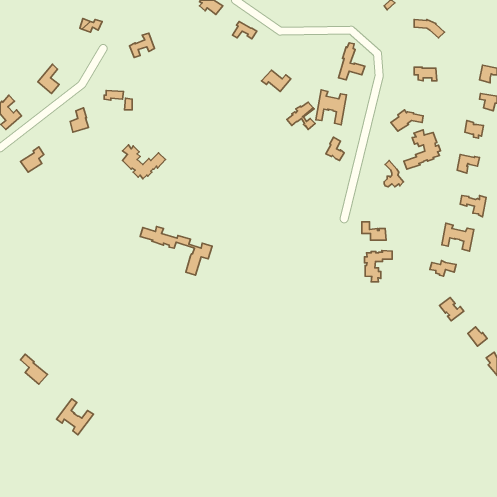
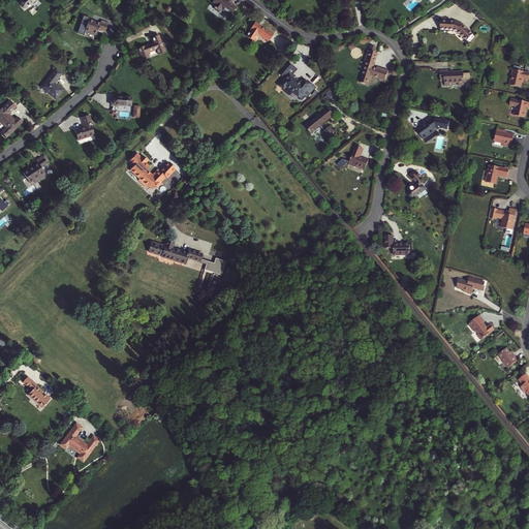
building: [316,90,347,125] -> none
building: [404,130,440,169] -> none
building: [442,223,474,251] -> none
building: [365,250,392,282] -> none

